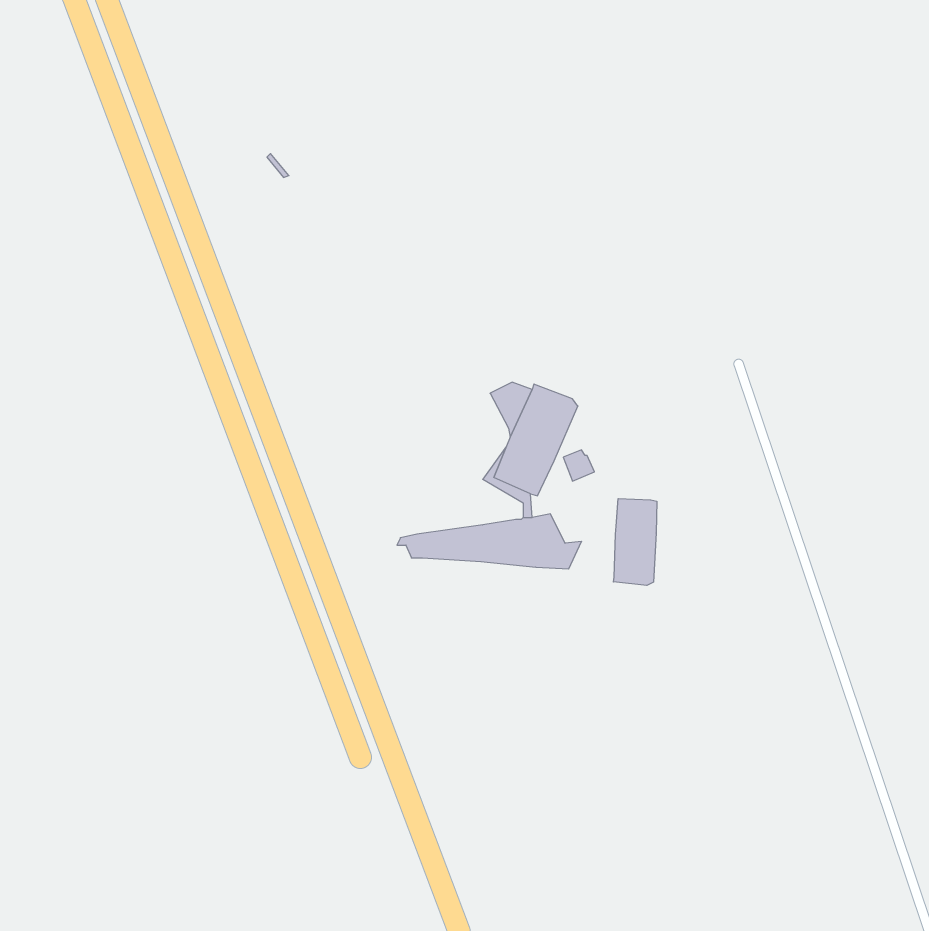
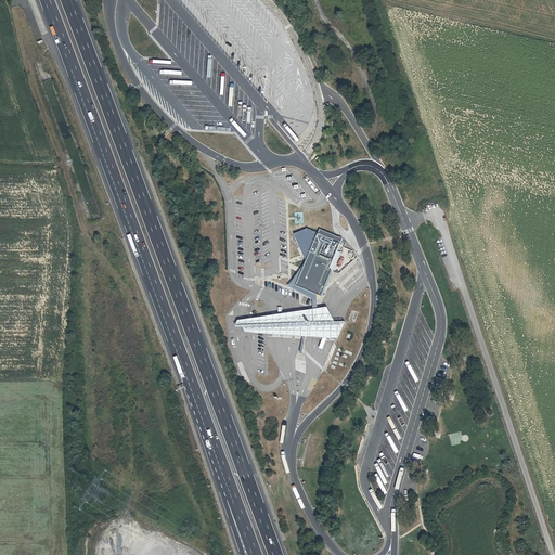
building: [613,499,657,585] -> none

